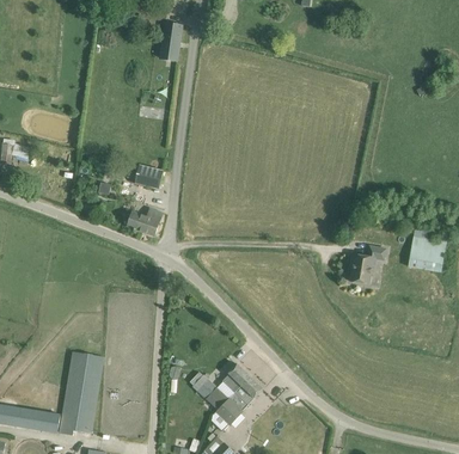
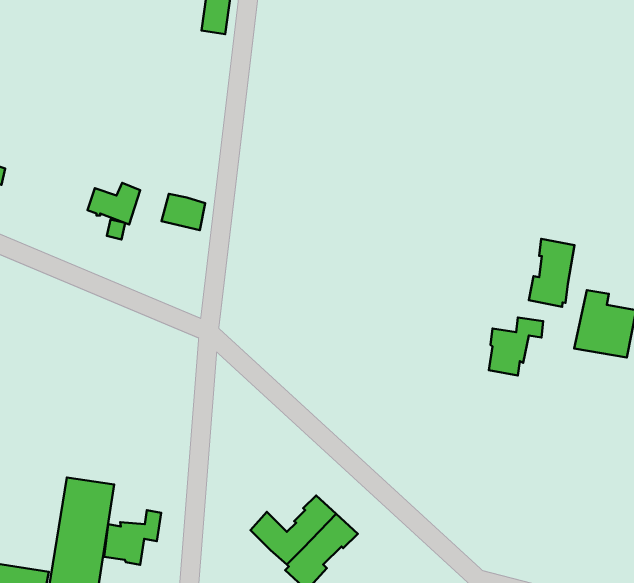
building: none -> [529,239,575,307]
building: [127,208,161,235] -> [87,183,140,225]
building: none -> [104,510,161,565]

